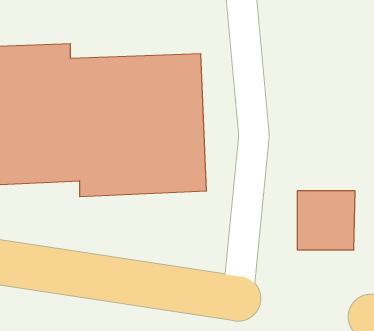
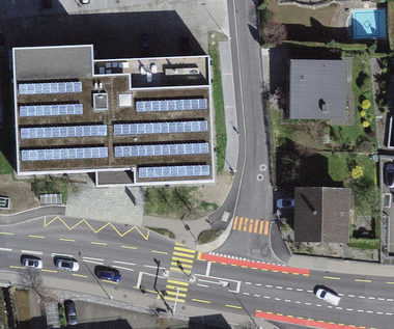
building: none -> [289,59,346,115]

